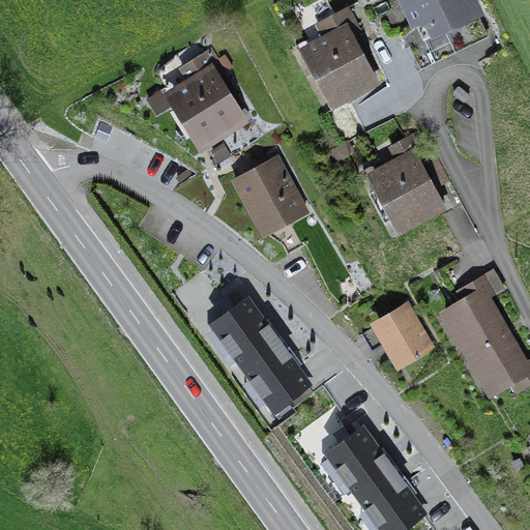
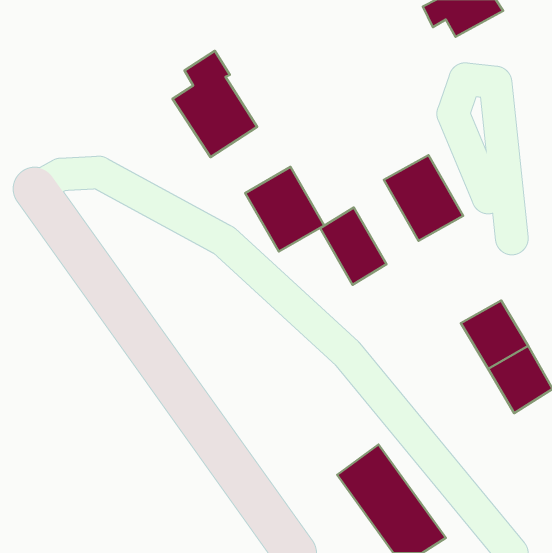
building: [301,8,377,108] -> none
building: none -> [320,207,386,285]
building: [206,297,308,411] -> none
building: [376,305,439,374] -> none

